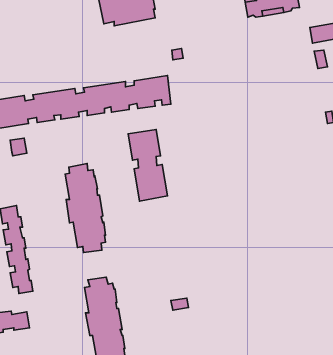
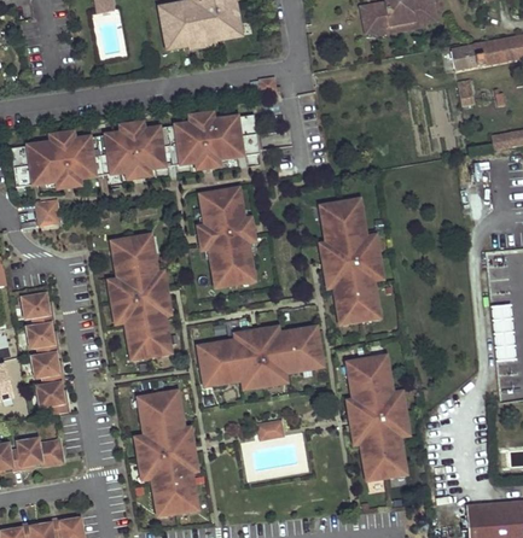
building: none -> [322,199,378,322]
building: none -> [199,329,321,385]
building: none -> [349,356,405,479]

